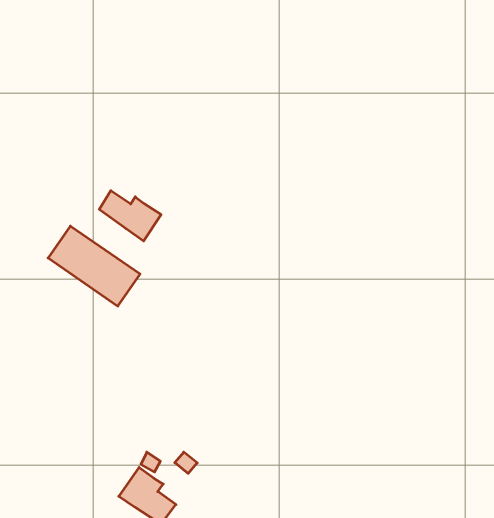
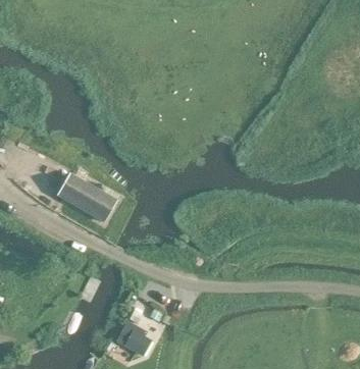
building: [99,191,161,241] -> none

